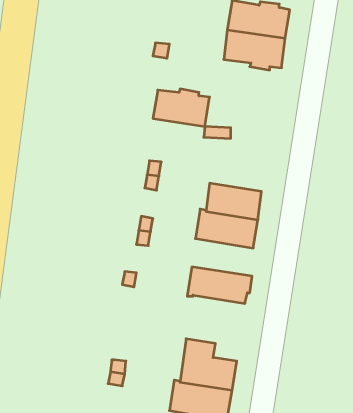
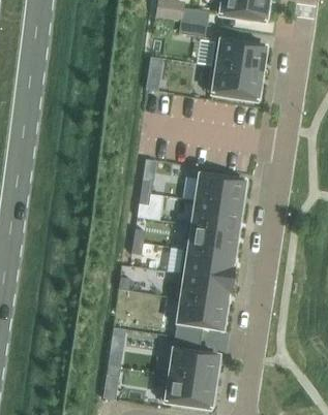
building: [153,89,210,127] -> [196,173,245,206]
building: none -> [180,248,235,281]
building: none -> [175,297,227,340]

